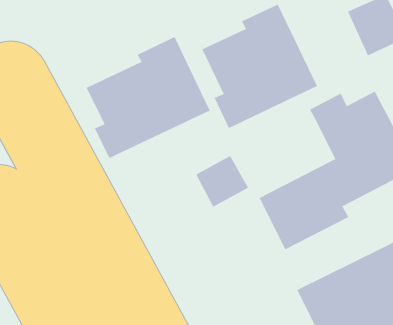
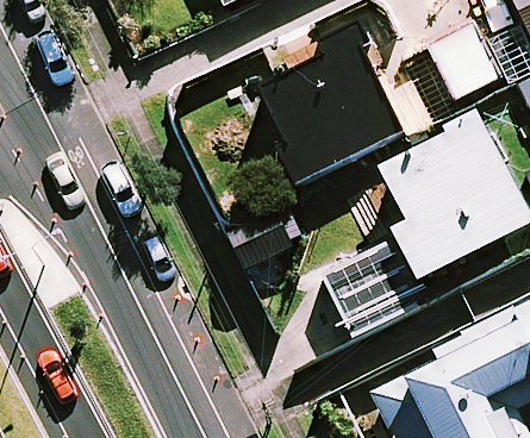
building: [86,36,211,159] -> none

